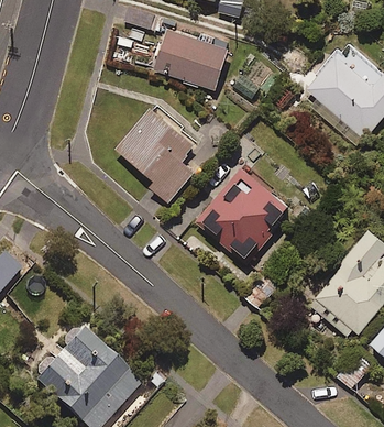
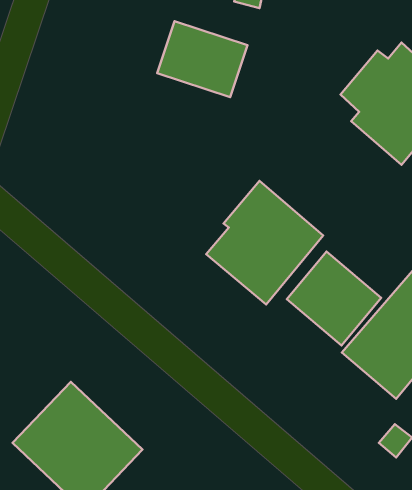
building: [118,105,197,201] -> none
building: none -> [287,252,381,345]

